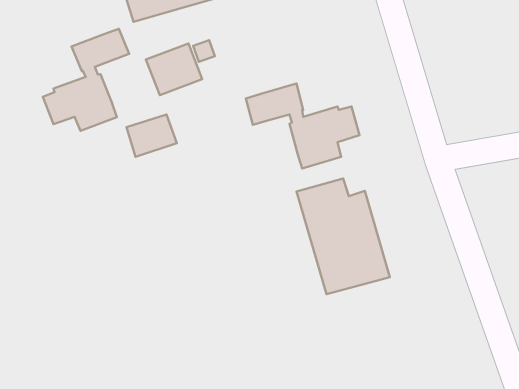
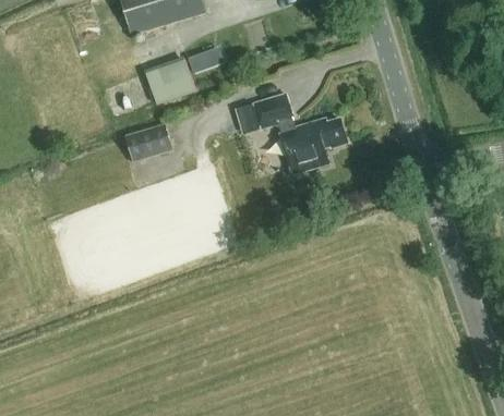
building: [43,29,129,131] -> none
building: [297,179,390,294] -> none

